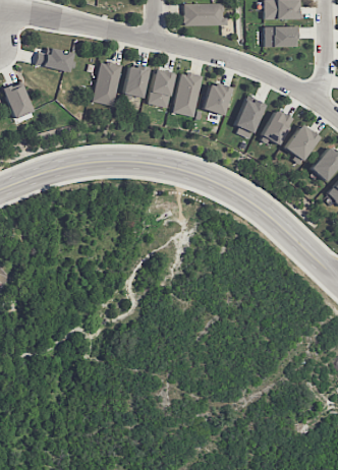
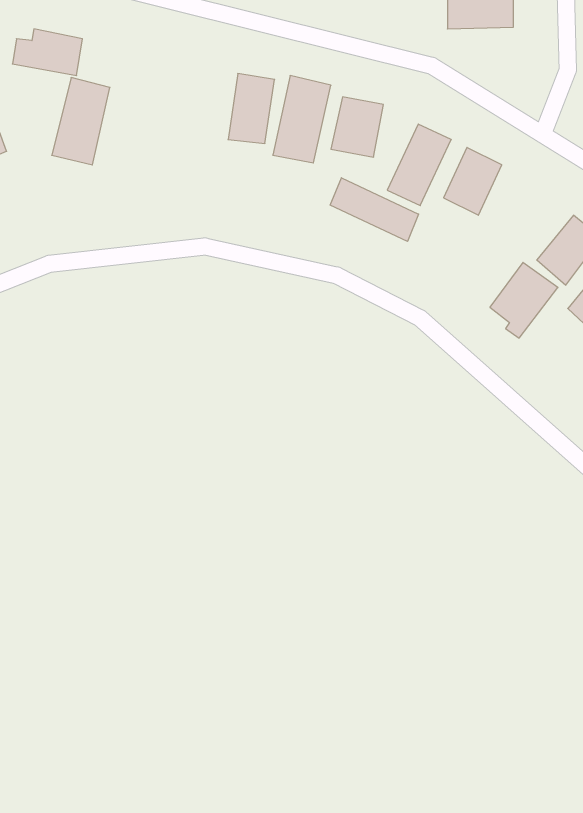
building: [92,60,122,106] -> [52,78,110,165]
building: [123,63,149,98] -> none
building: [284,124,320,164] -> [490,262,558,338]
building: none -> [330,178,419,241]

